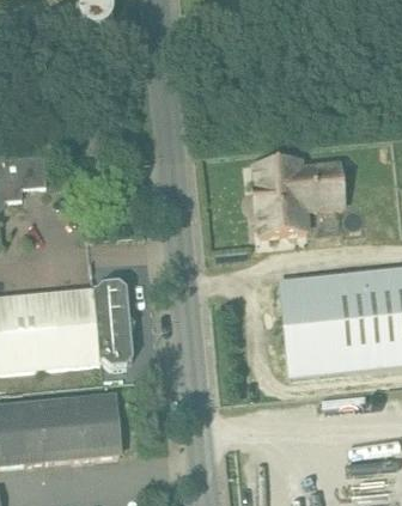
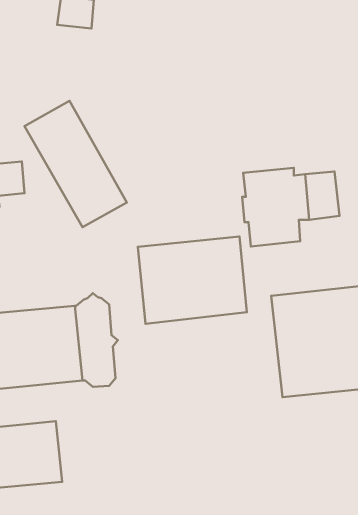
building: none -> [24,101,127,227]
building: none -> [138,237,247,324]
building: [75,395,120,456] -> none

